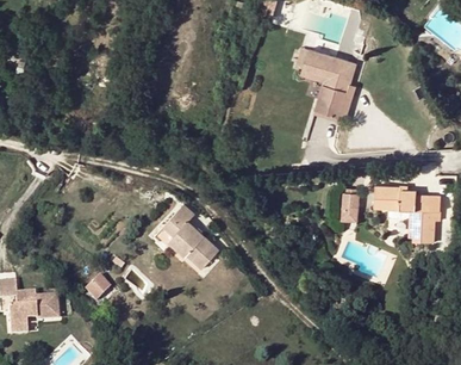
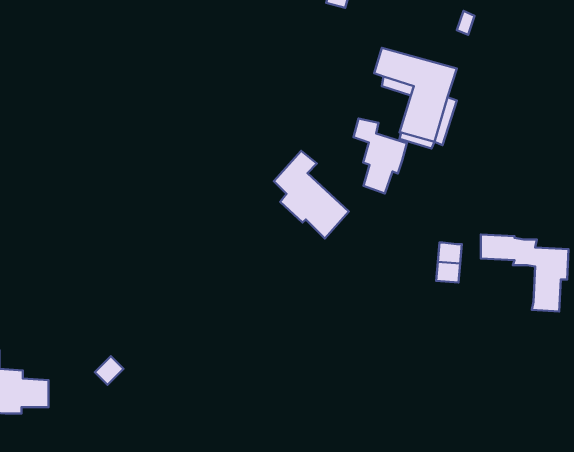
building: none -> [354,118,407,194]
building: [163,204,219,270] -> [274,151,349,239]

